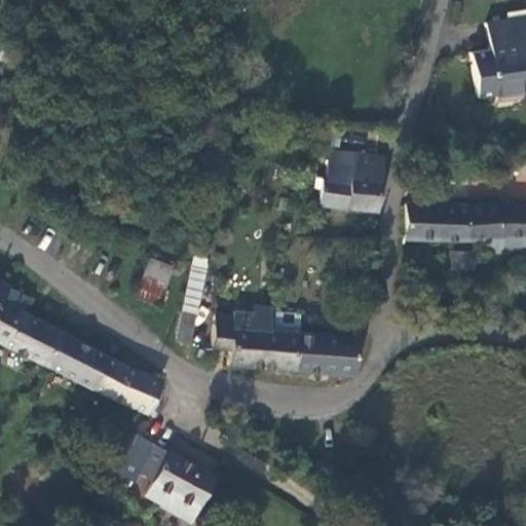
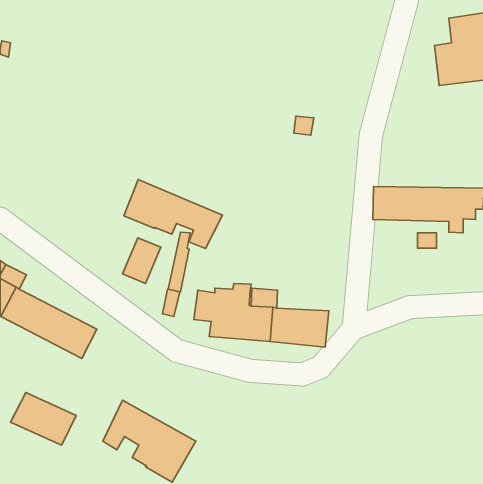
building: [321,152,385,214] -> none
building: none -> [124,180,223,249]
building: [91,358,162,414] -> [11,393,76,445]

